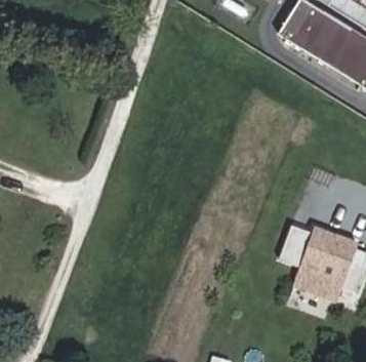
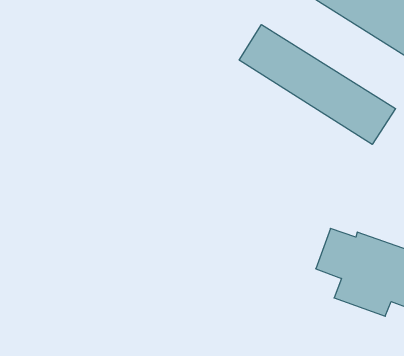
building: none -> [239,25,396,144]

